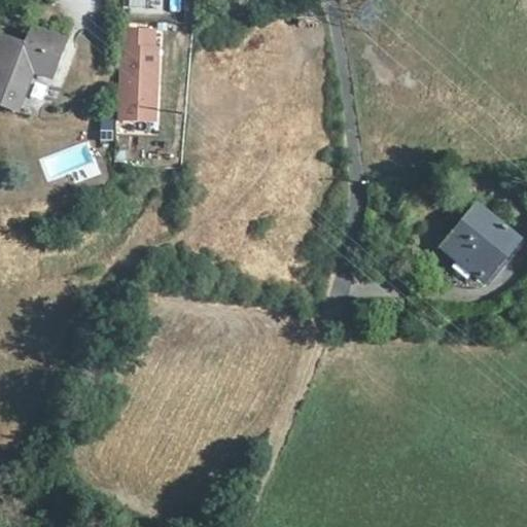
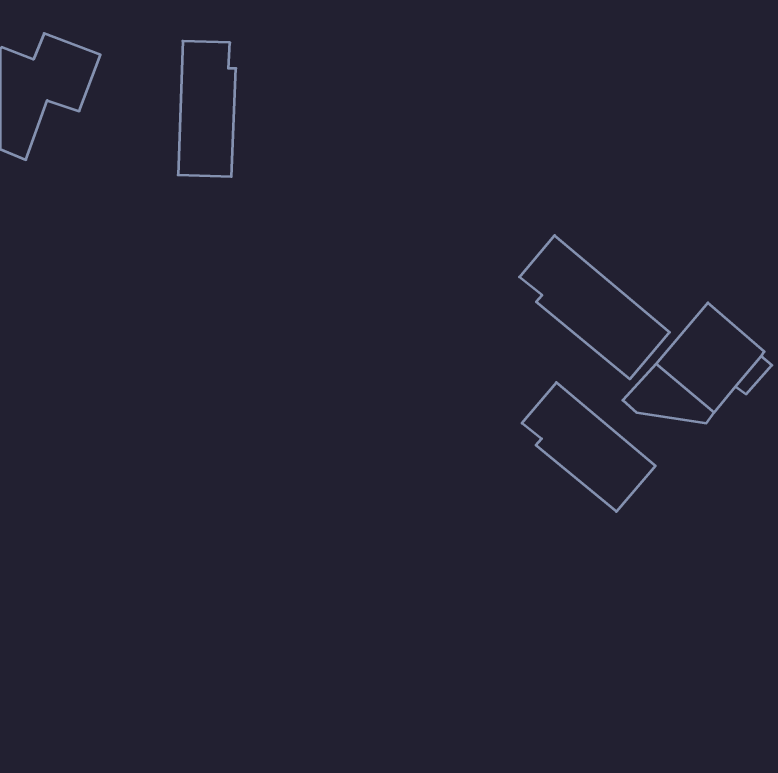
building: none -> [519,235,670,379]
building: none -> [522,382,655,512]

